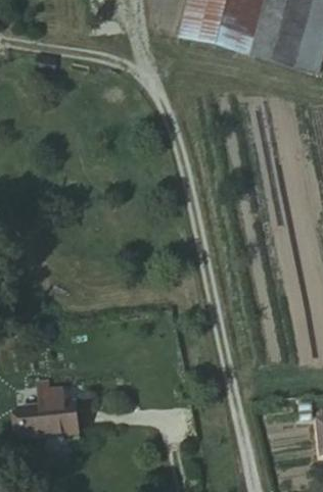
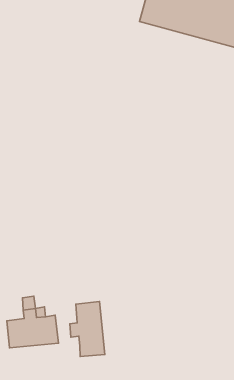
building: none -> [70,302,105,357]

